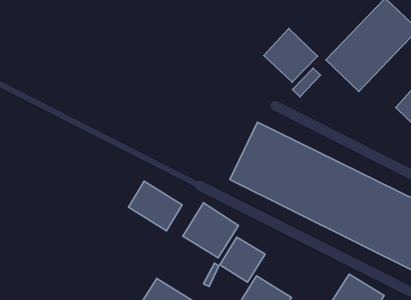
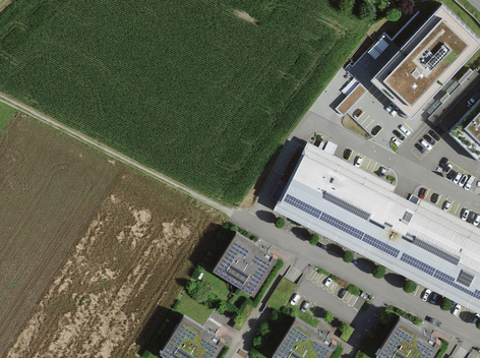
building: [264,29,318,82] -> none
building: [129,181,182,231] -> none
building: [220,237,265,282] -> none

